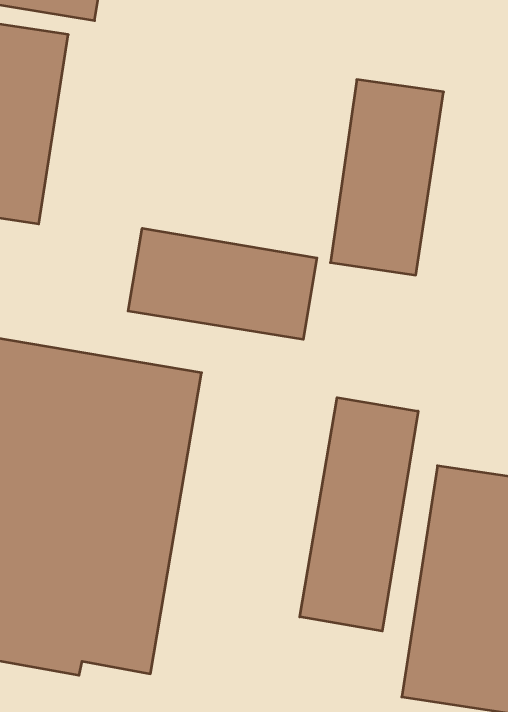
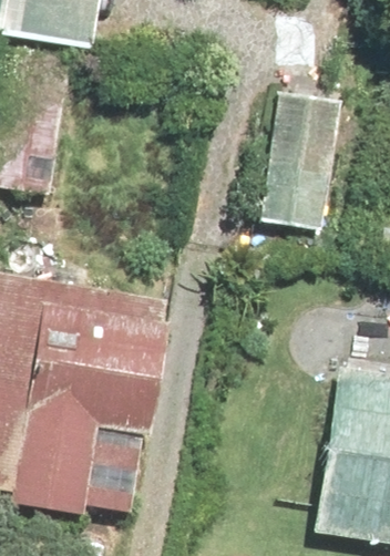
building: [128,228,317,339] -> none
building: [300,398,418,631] -> none

